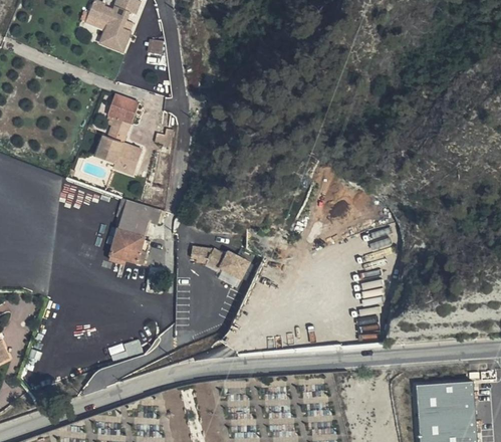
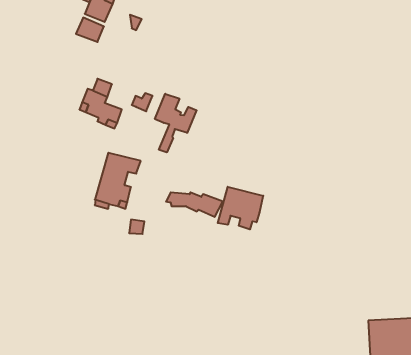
building: [106,95,138,123] -> [76,18,104,42]
building: none -> [155,94,197,152]
building: none -> [218,187,263,229]

